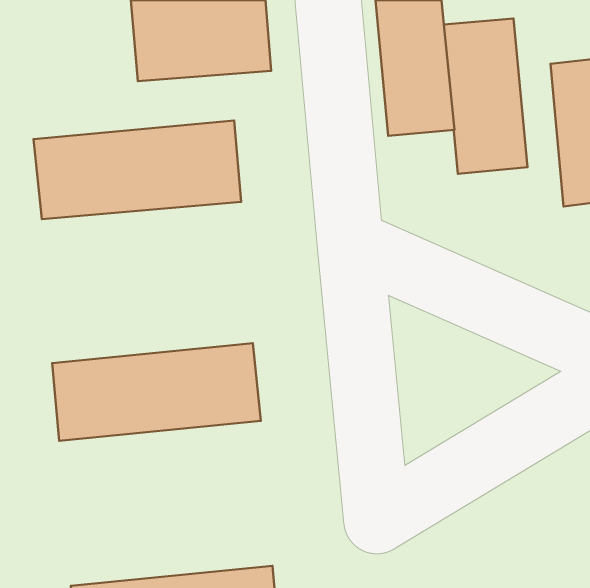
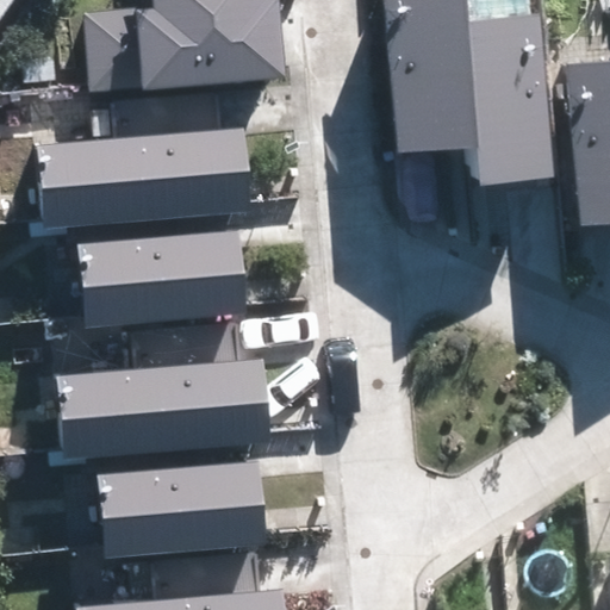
building: none -> [79,229,247,326]
building: none -> [95,461,264,556]

